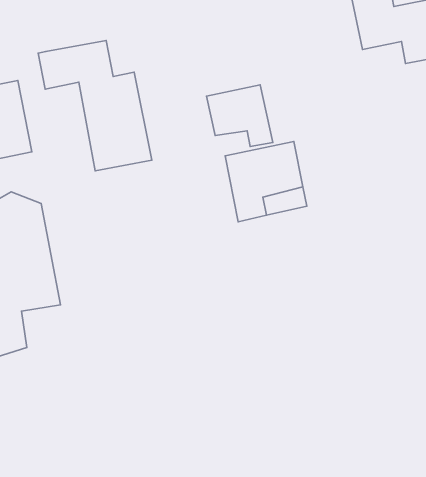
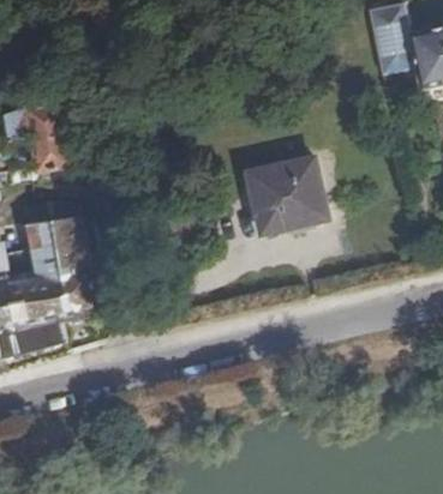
building: [38,41,152,171] -> none
building: [207,85,273,147] -> none

